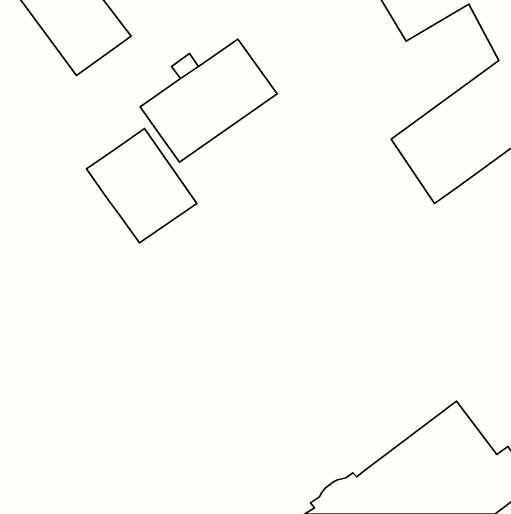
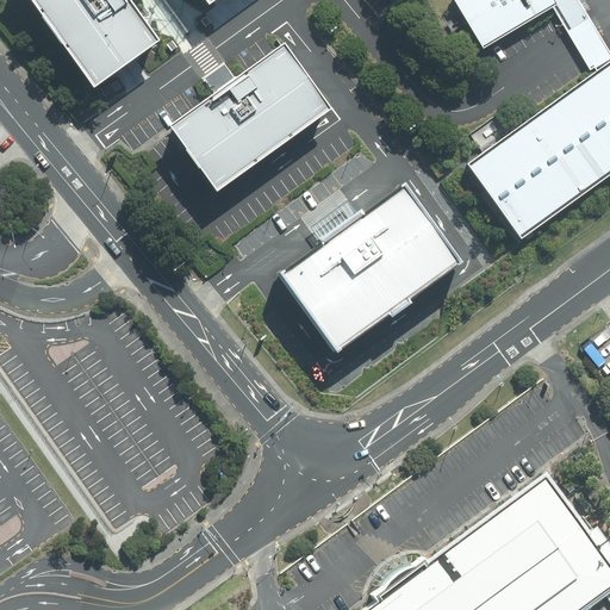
building: [87,129,197,243] -> none
building: none -> [280,186,463,354]

